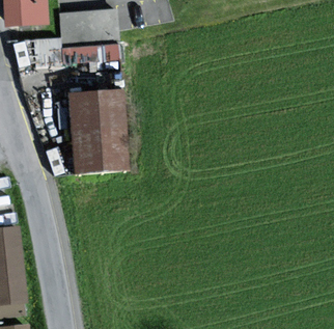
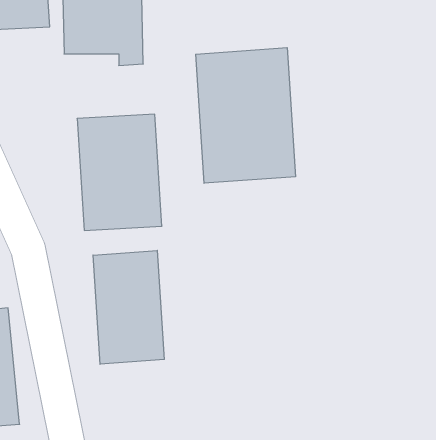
building: none -> [196,48,295,183]
building: none -> [93,250,164,364]

